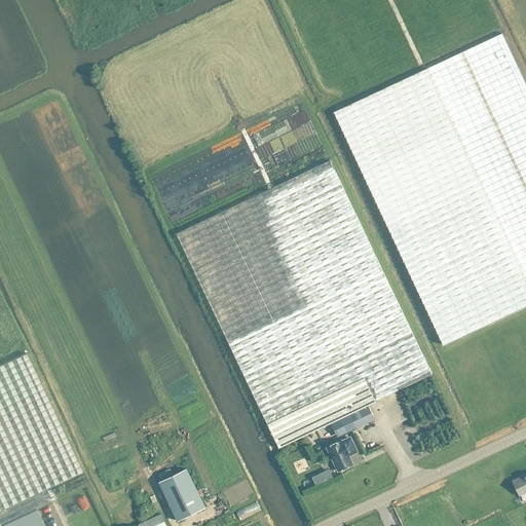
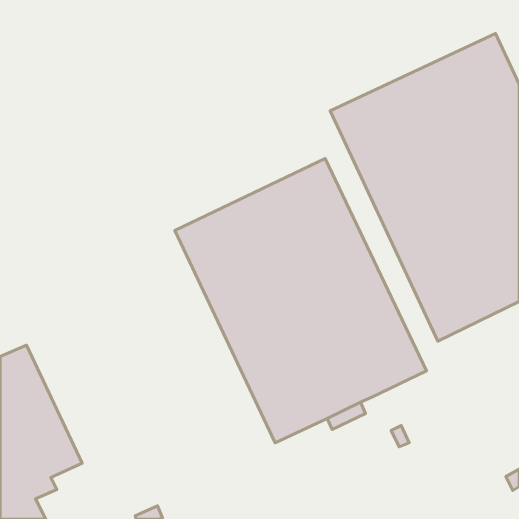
building: [327,438,356,471] -> none
building: [158,469,204,521] -> none

